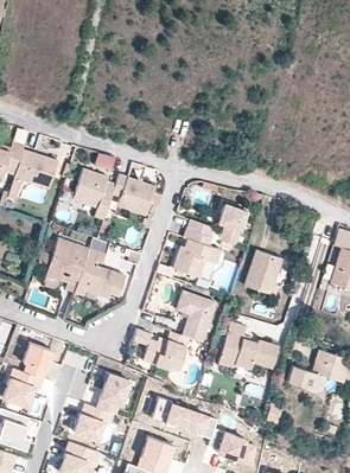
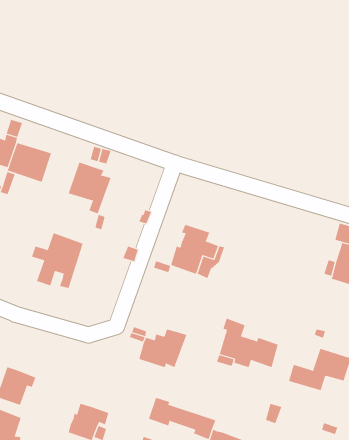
building: [113,174,157,218] -> none
building: [187,203,247,245] -> none
building: [75,237,126,298] -> none
building: [244,250,282,295] -> none
building: [177,290,216,341] -> none
building: [24,341,52,378] -> none
building: [97,373,129,414] -> none

